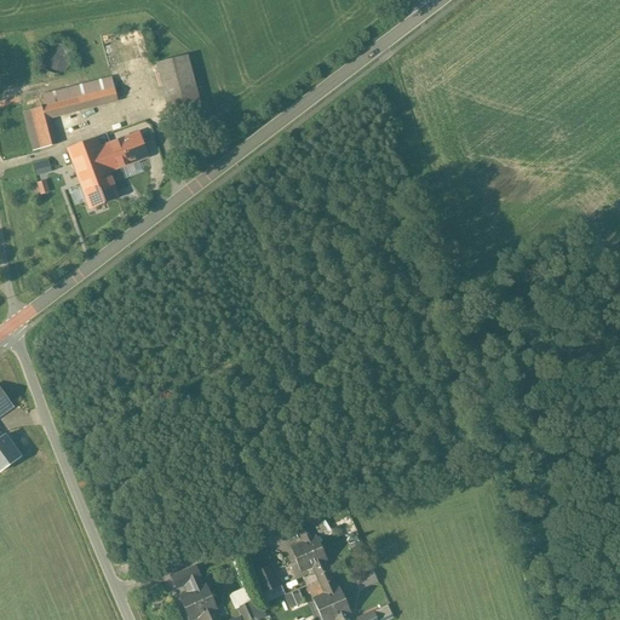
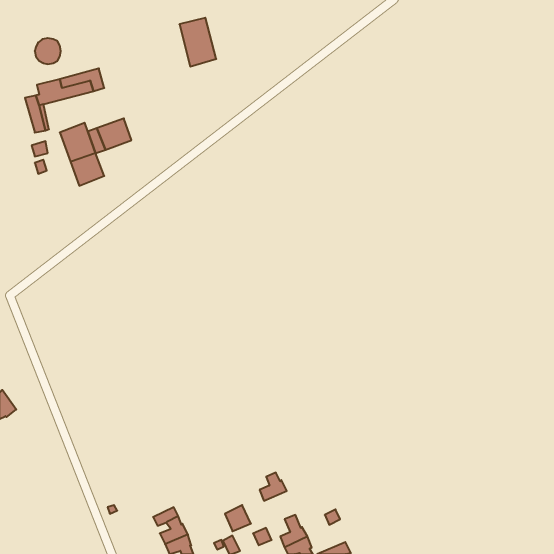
building: [156,56,197,110] -> [179,18,216,67]
building: [294,547,329,579] -> none

